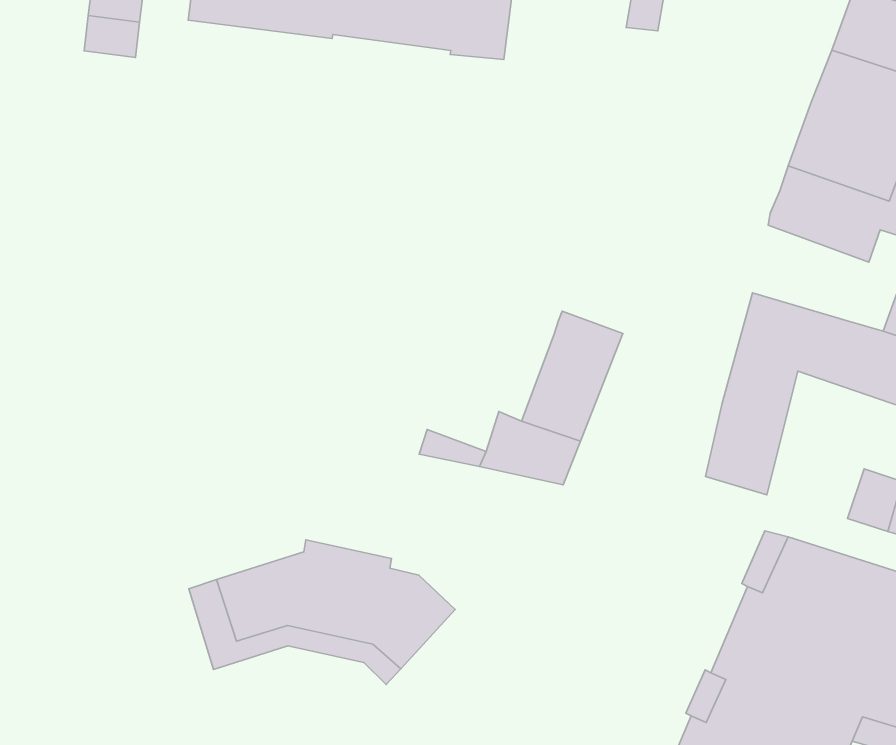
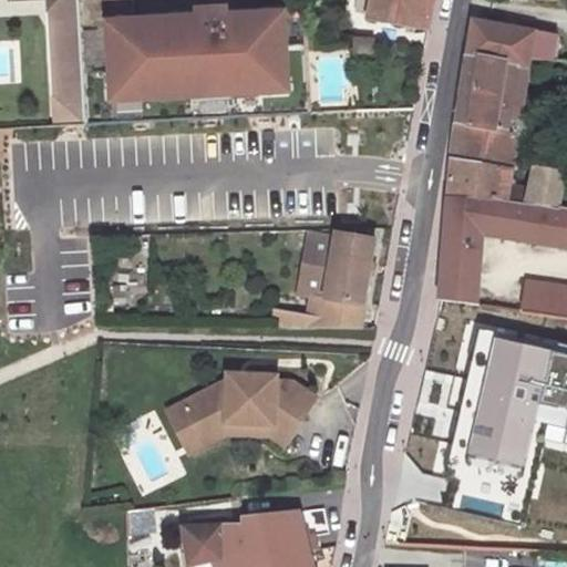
building: none -> [445,158,506,204]
building: none -> [303,226,341,289]

